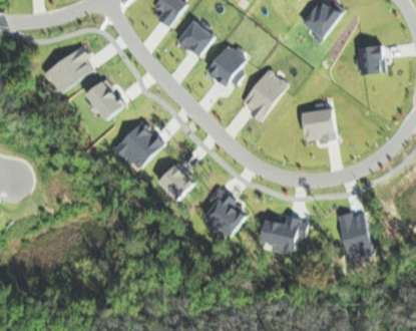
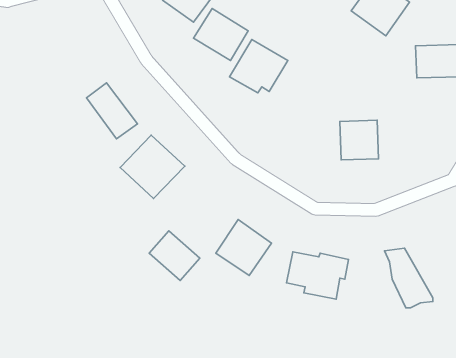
building: [46,48,96,95] -> none
building: [238,67,291,122] -> none
building: [158,160,199,201] -> [149,231,200,280]

